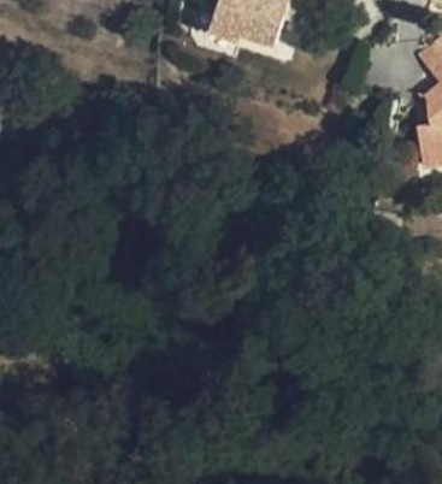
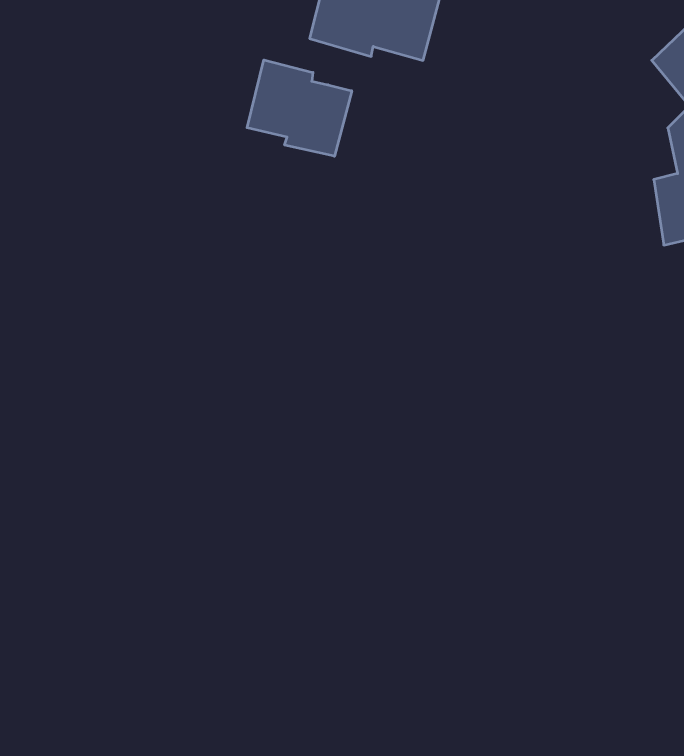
building: none -> [247,60,352,156]

